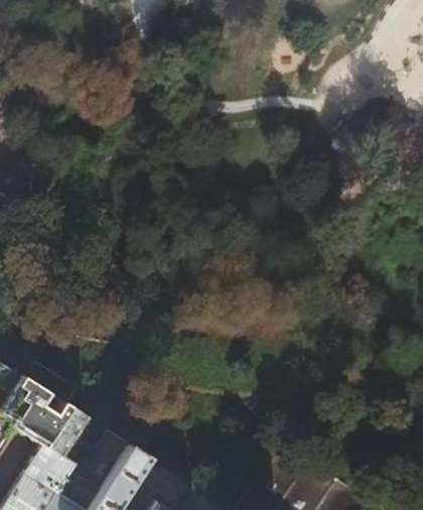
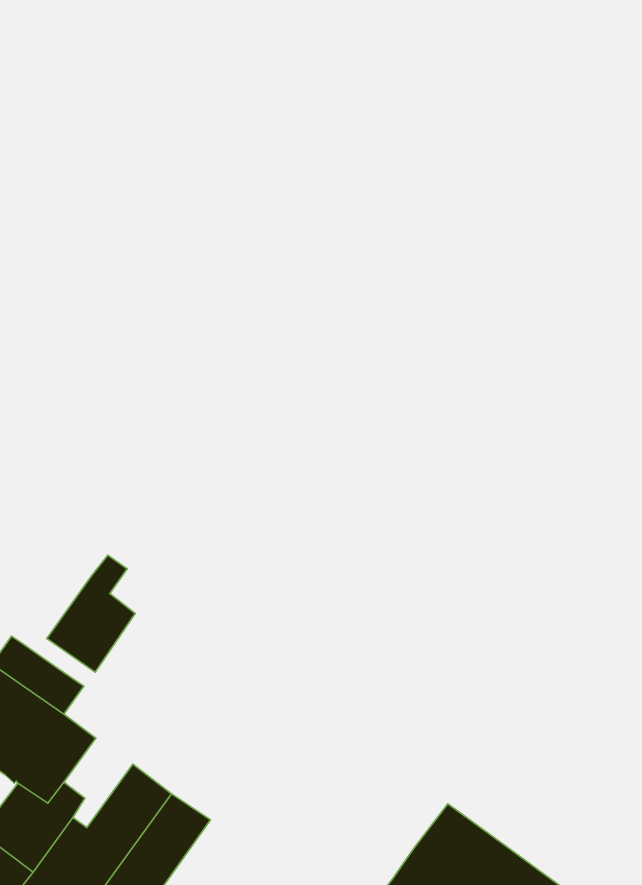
building: none -> [47,555,135,672]

